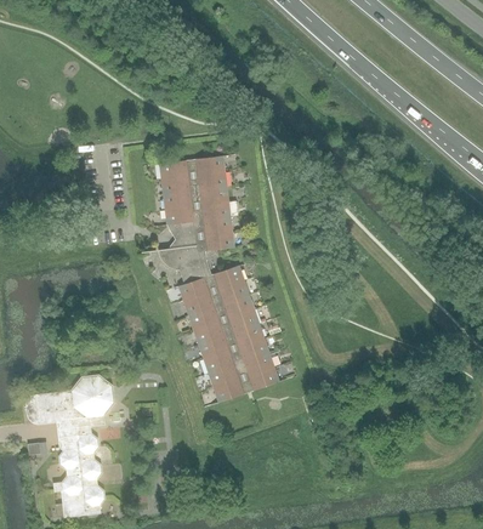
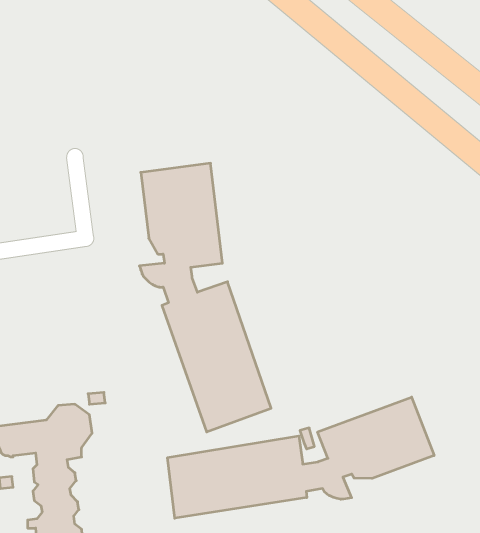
building: none -> [168,397,434,518]

